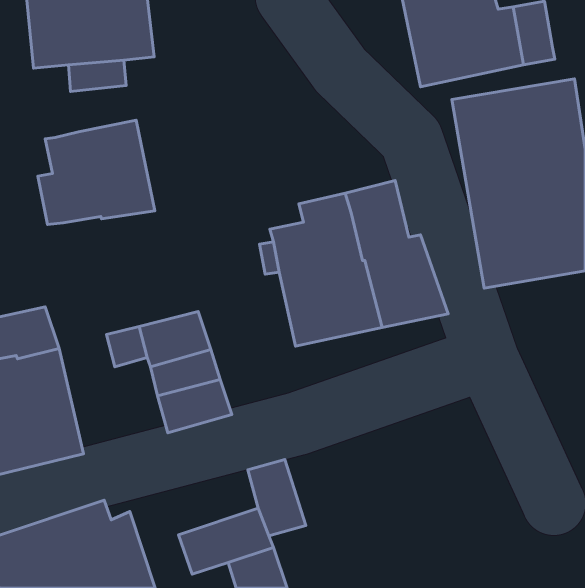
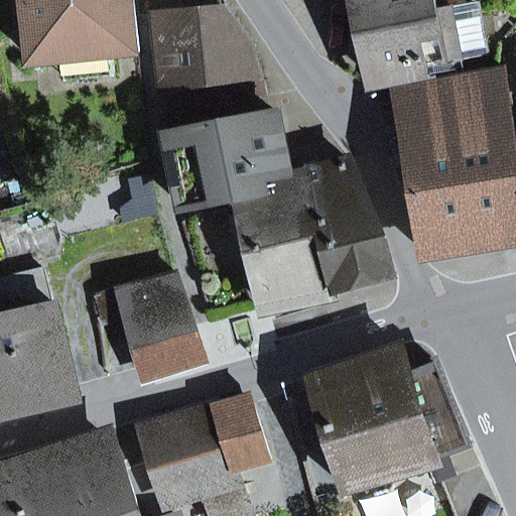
building: none -> [151,11,258,112]
building: [38,120,155,224] -> none
building: none -> [164,109,279,210]
building: none -> [306,347,464,488]
building: none -> [142,407,225,466]

